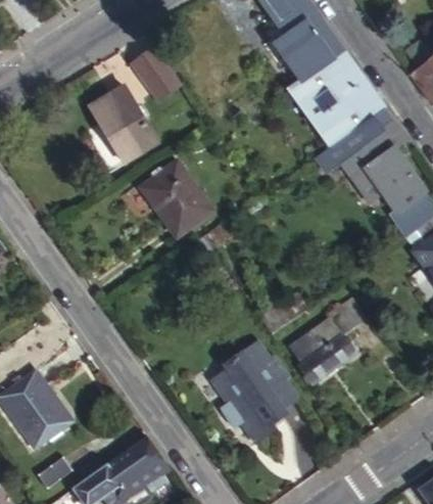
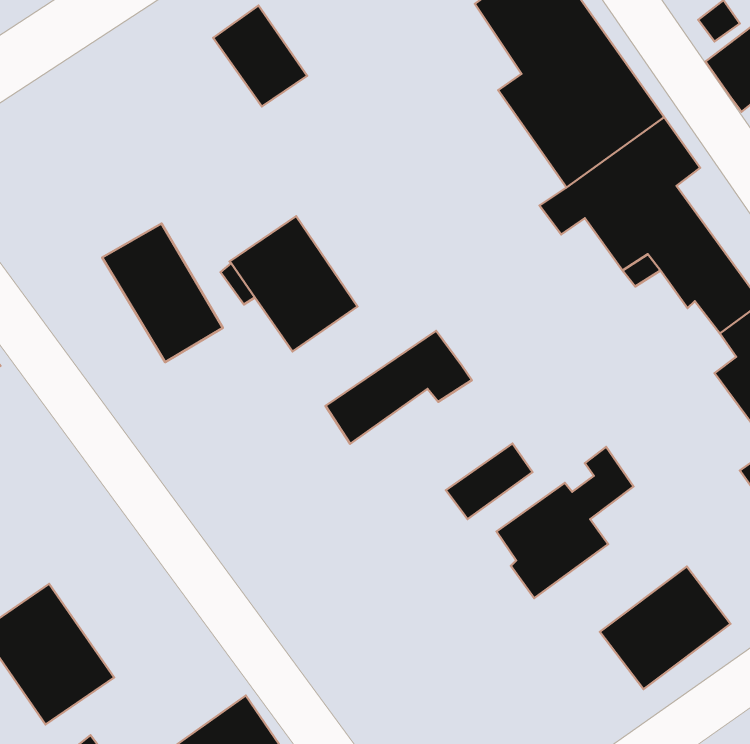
building: [90,83,158,162] -> [102,223,223,362]
building: none -> [325,331,472,444]
building: [213,341,300,442] -> none
building: none -> [600,566,730,689]

